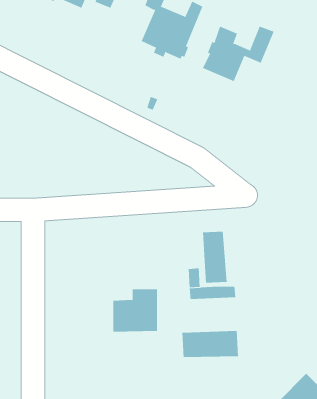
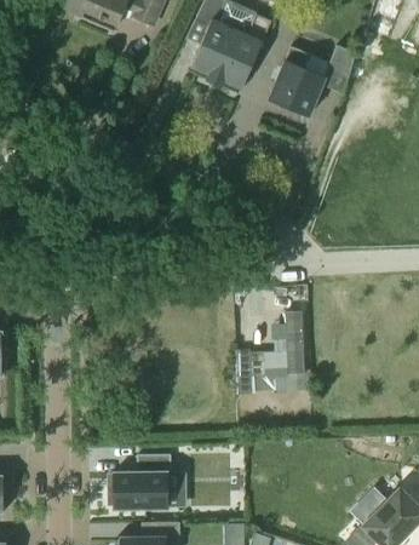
building: [113,289,158,332] -> [113,453,170,507]
building: [182,330,239,358] -> none

